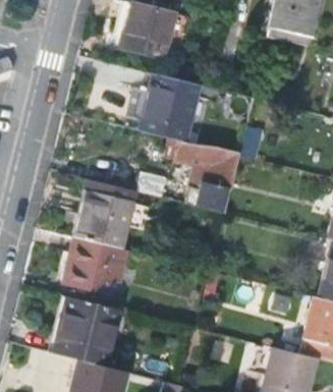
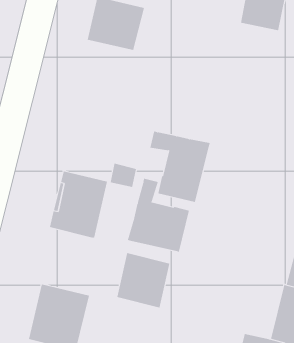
building: [143,72,200,139] -> none
building: none -> [127,178,189,252]
building: [65,237,120,294] -> [116,253,170,308]

